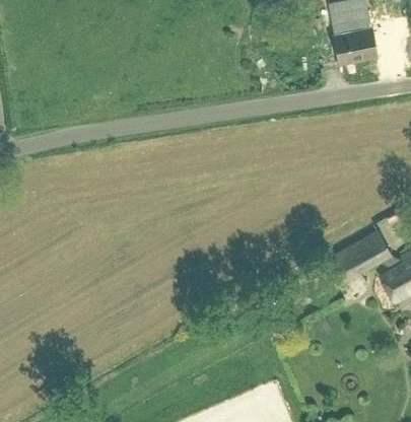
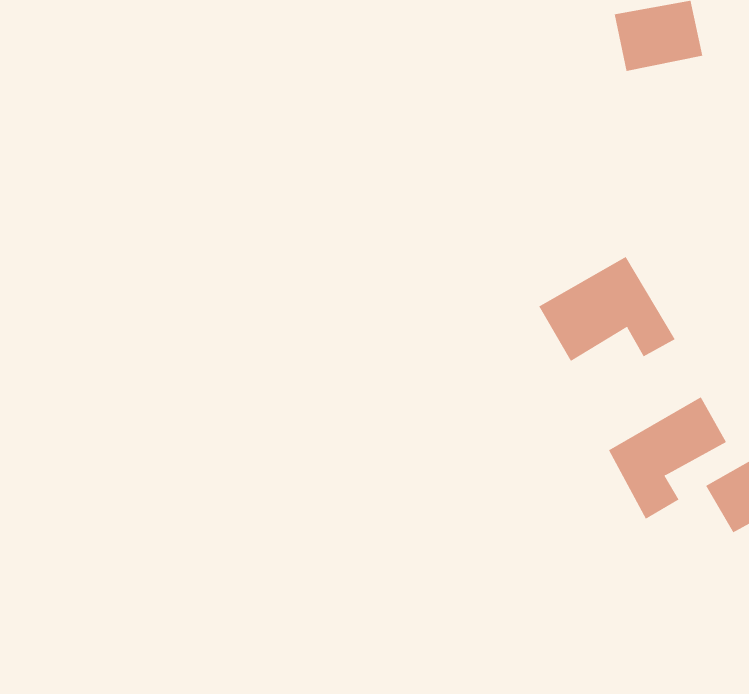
building: none -> [538,256,676,362]

